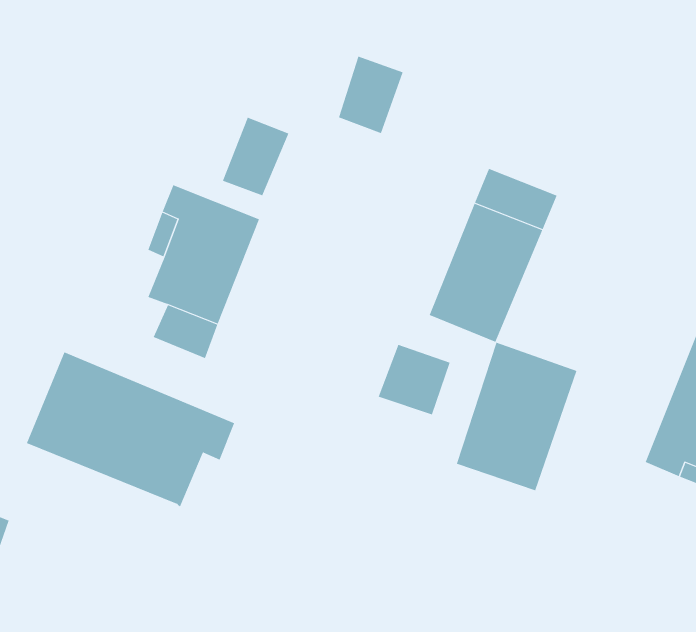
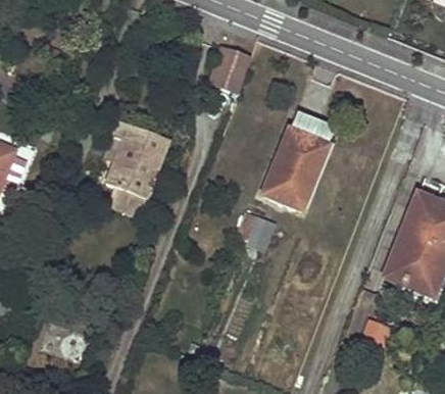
building: [222,117,289,196] -> none
building: [456,342,577,491] -> none
building: [26,352,235,507] -> none

